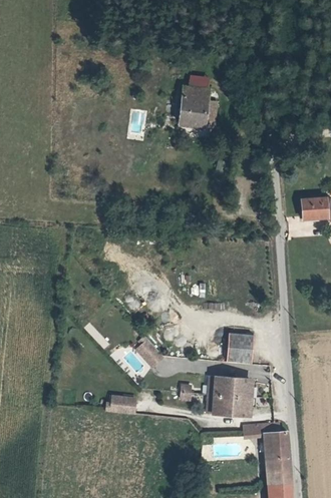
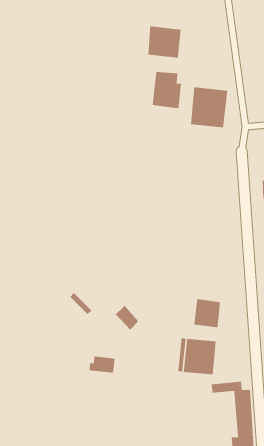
building: none -> [148,26,181,58]
building: none -> [191,87,228,128]

